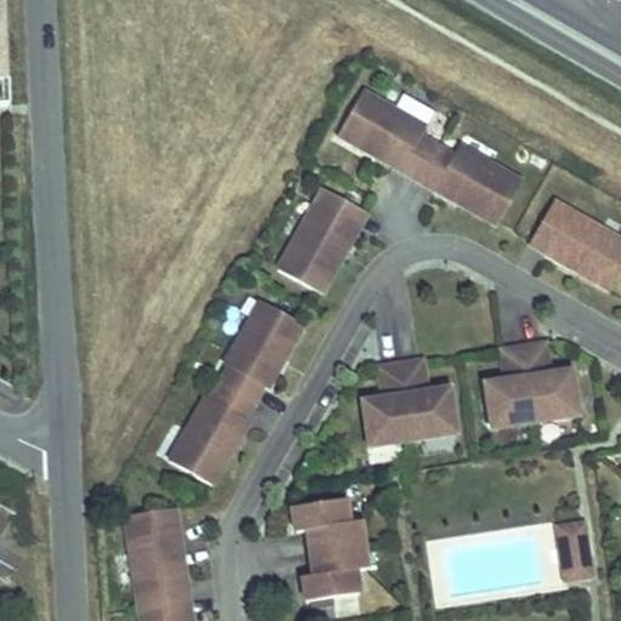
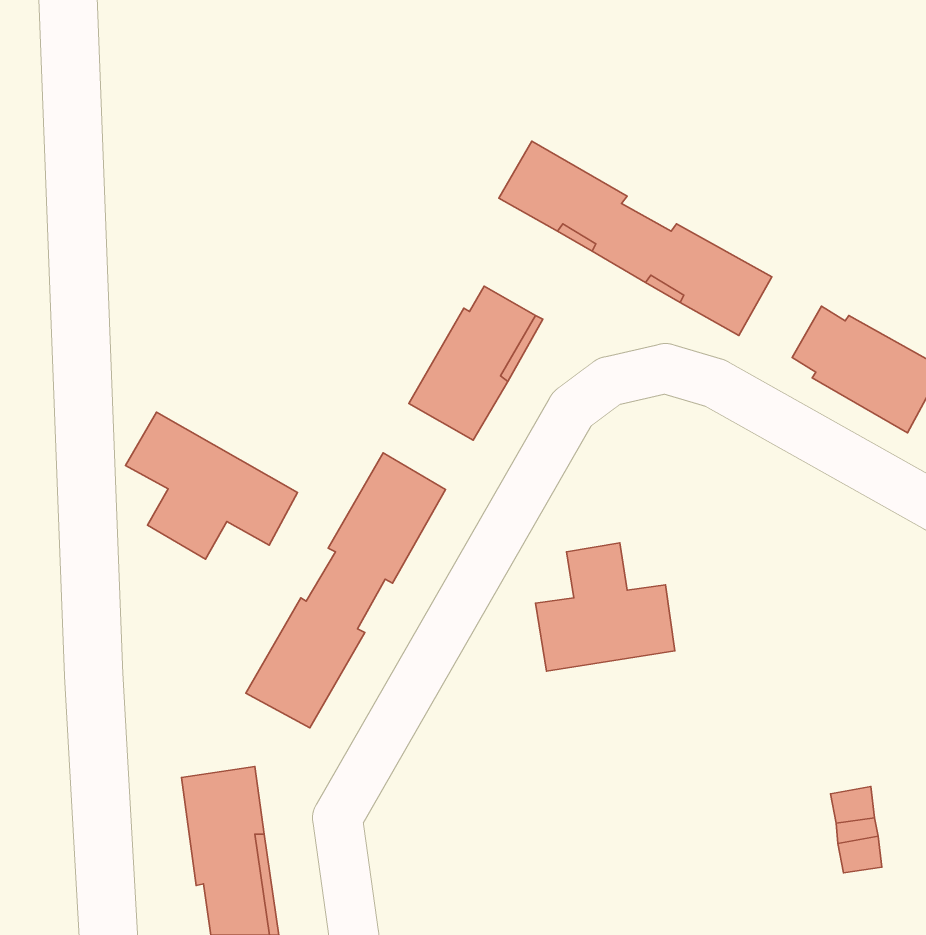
building: none -> [126,412,298,559]
building: [484,341,576,426] -> none
building: [292,498,365,600] -> none

